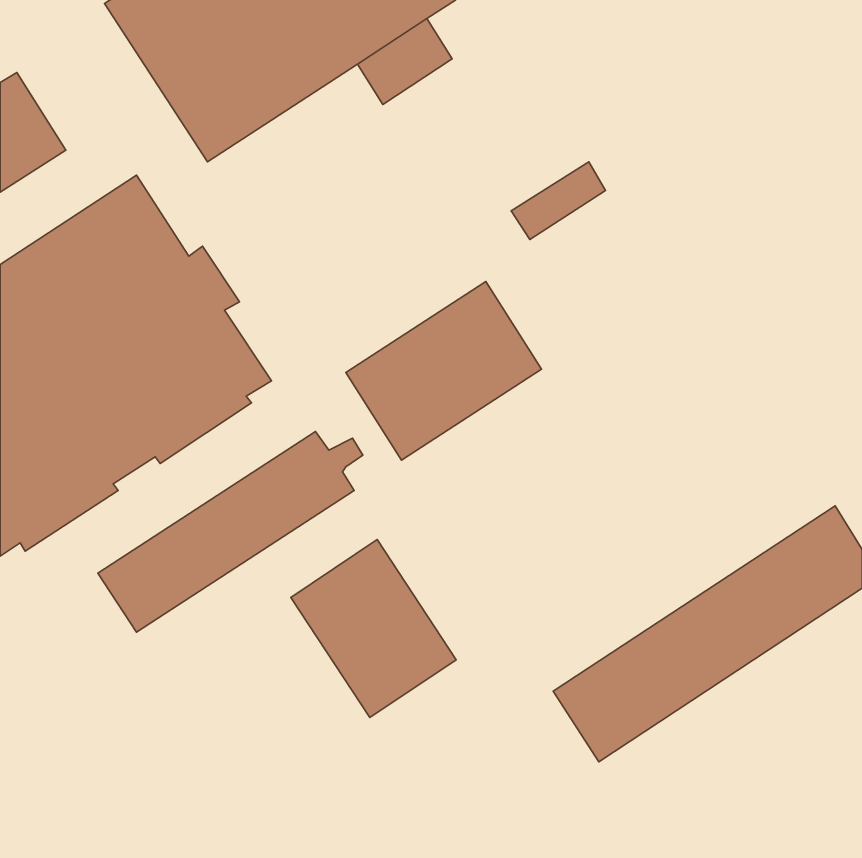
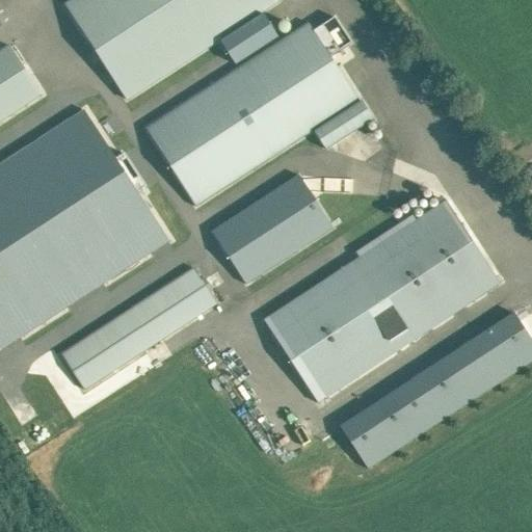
building: none -> [147,21,358,204]
building: none -> [265,201,500,401]
building: [291,540,456,717] -> none

